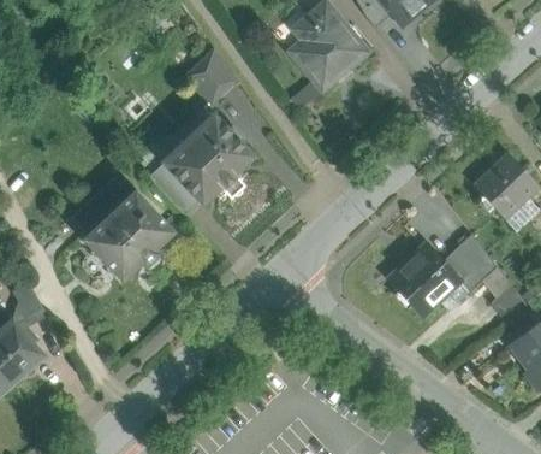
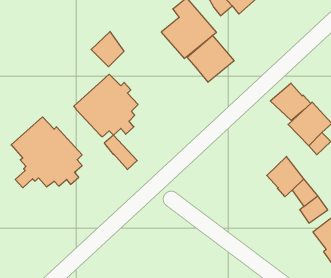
building: none -> [187,35,234,82]
building: none -> [270,83,311,120]
building: [151,165,200,216] -> [104,135,137,170]
building: [390,244,459,316] -> none

